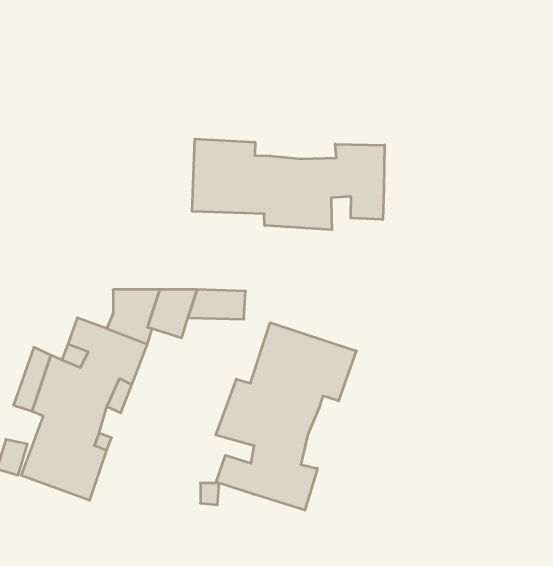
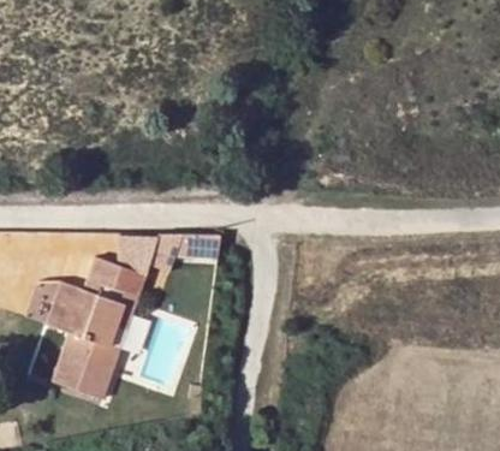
building: [192,139,385,230] -> none
building: [216,323,356,510] -> none

